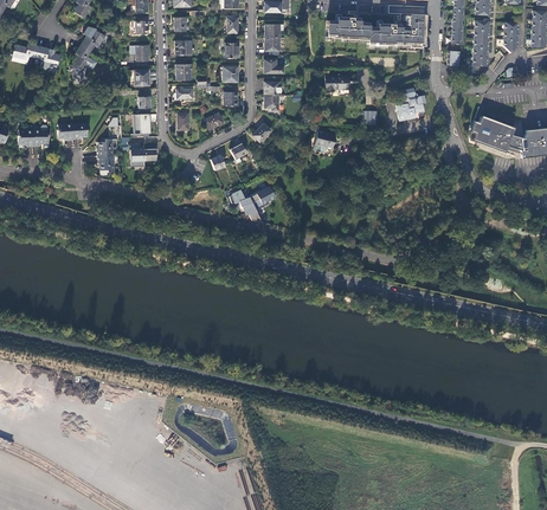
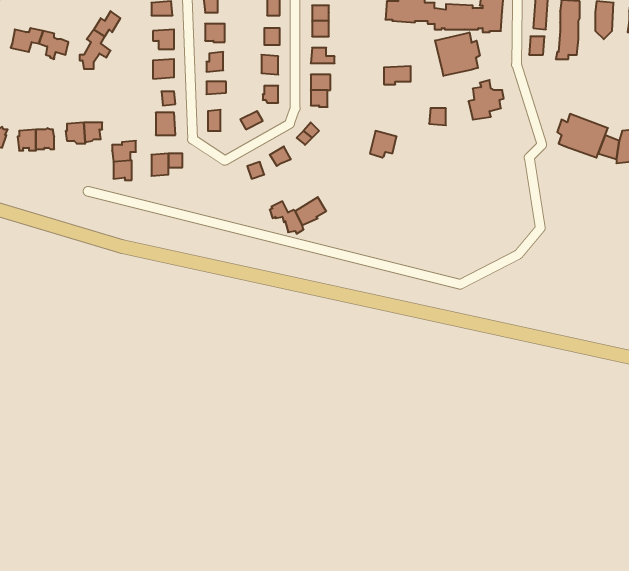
building: none -> [435,32,480,76]

